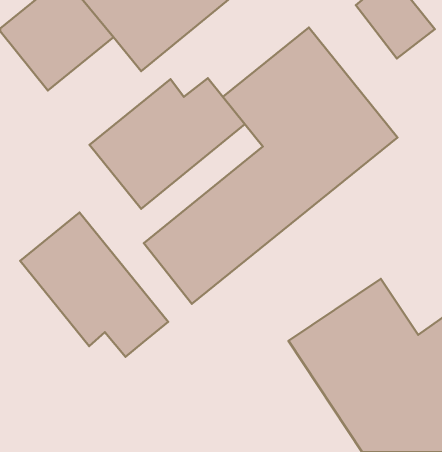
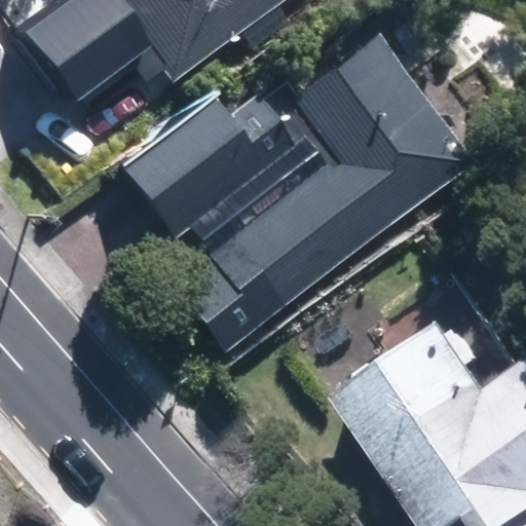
building: [20,212,168,357] -> none

